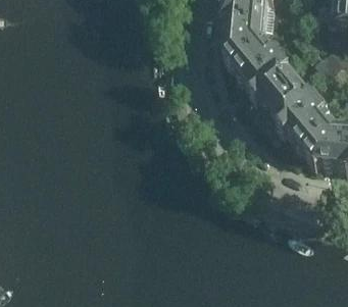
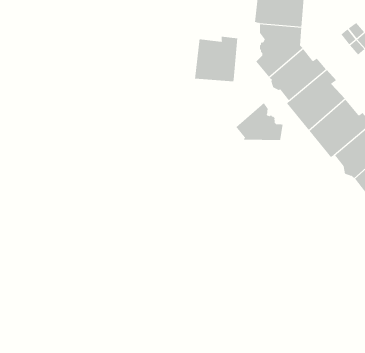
building: none -> [195,36,238,82]
building: none -> [235,102,283,141]

